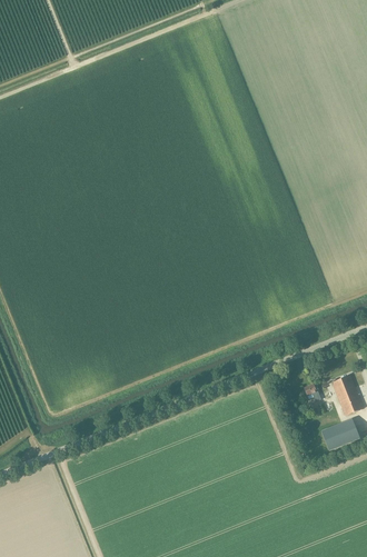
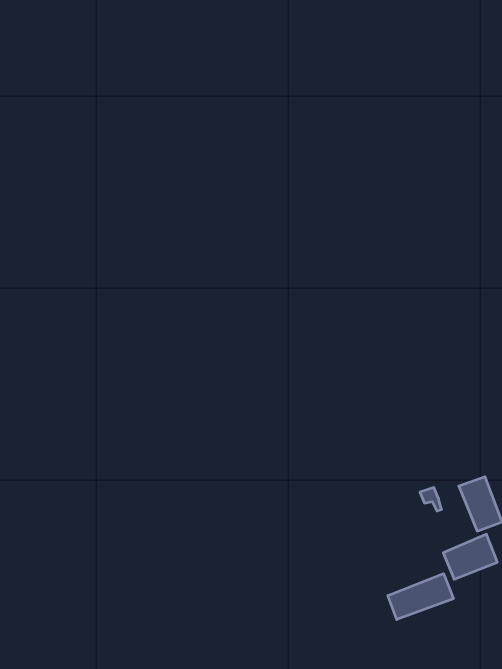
building: none -> [388,574,453,620]

